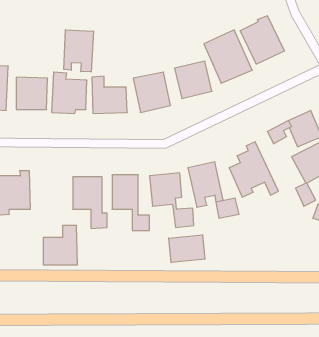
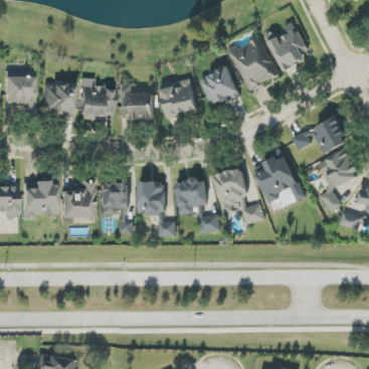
building: [64,30,93,72] -> none
building: [43,226,78,265] -> [60,179,95,218]
building: [169,235,205,263] -> none

